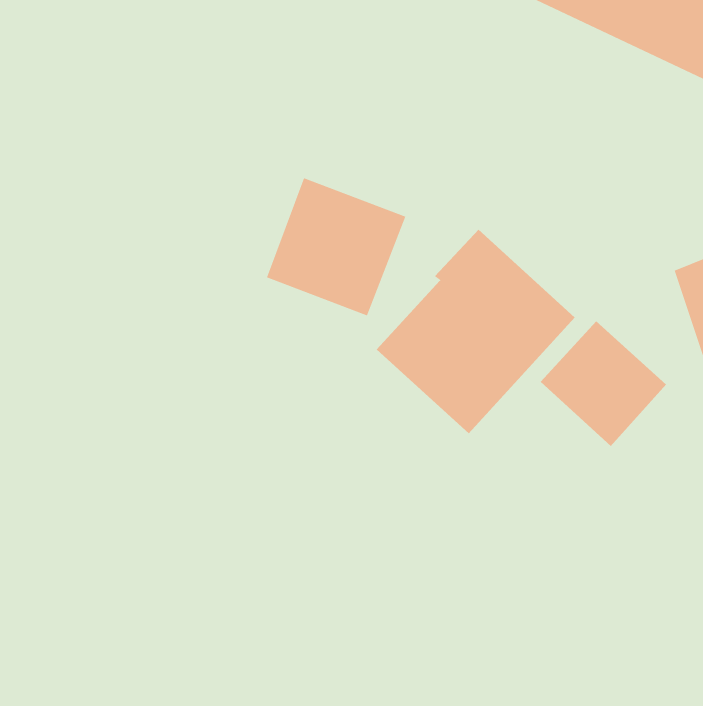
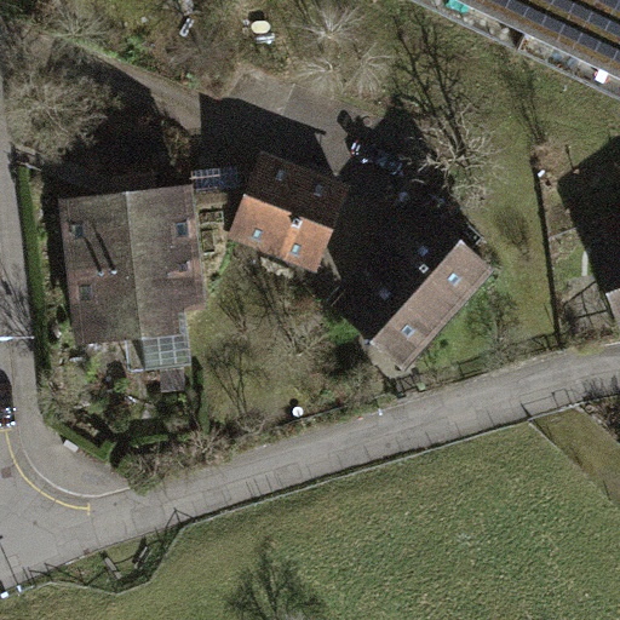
building: none -> [63,194,194,366]
building: [540,321,667,447] -> none

